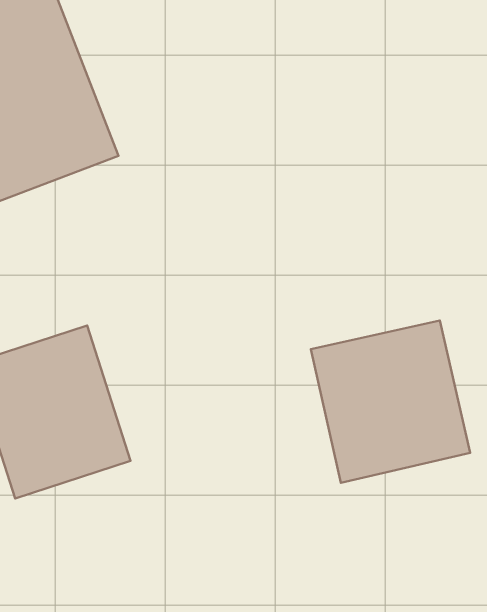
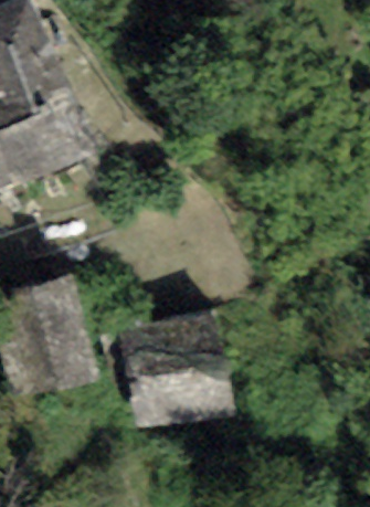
building: [311,321,470,483] -> [117,308,234,427]

